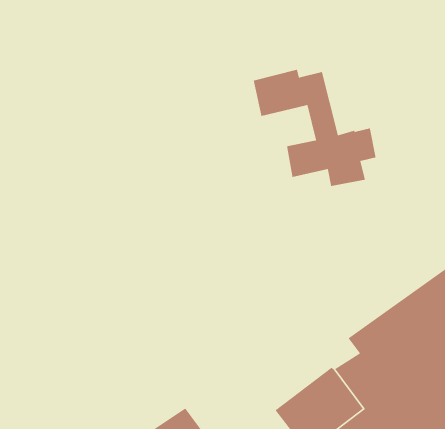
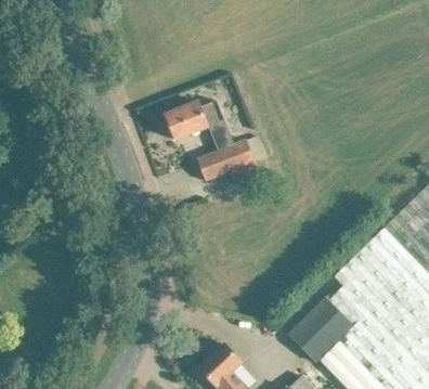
building: [253,69,376,187] -> [167,99,265,182]

